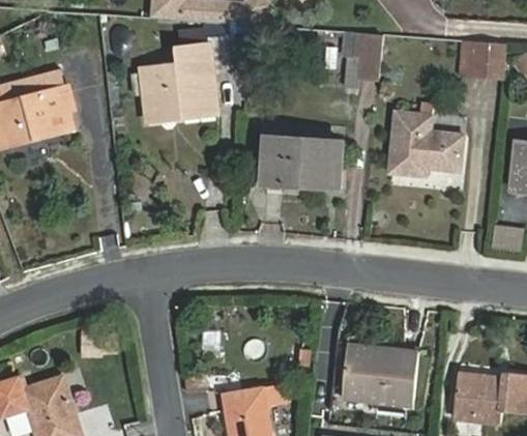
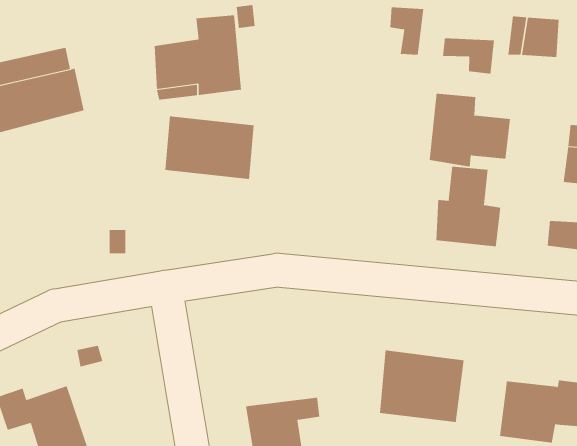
building: none -> [442,38,494,74]
building: [261,135,342,192] -> [164,116,255,179]
building: none -> [436,166,501,247]

